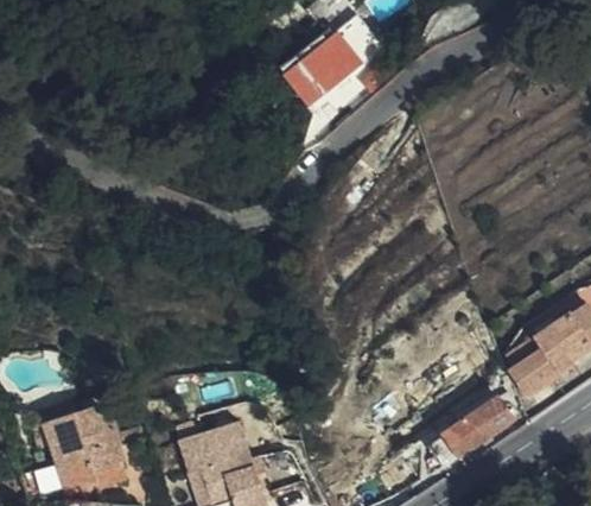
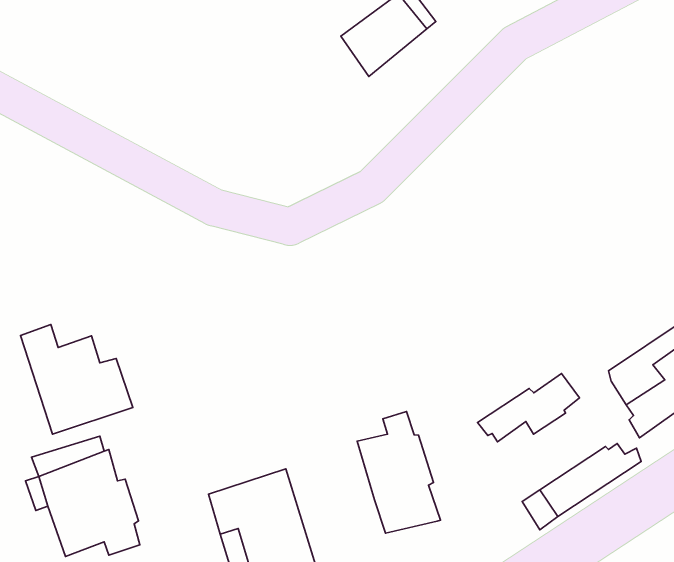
building: none -> [21,325,133,434]
building: none -> [478,373,580,442]
building: none -> [357,411,440,533]

